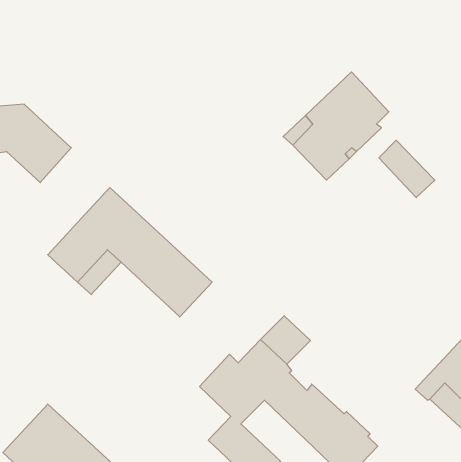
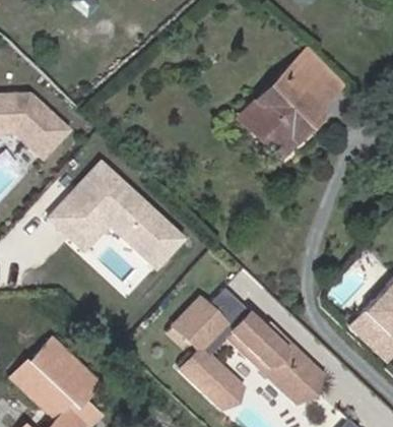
building: [379,140,435,198] -> [297,52,342,99]

